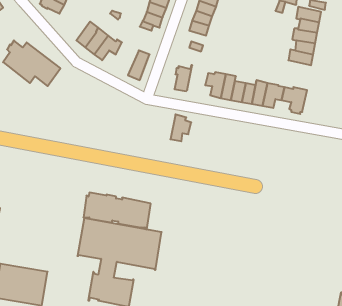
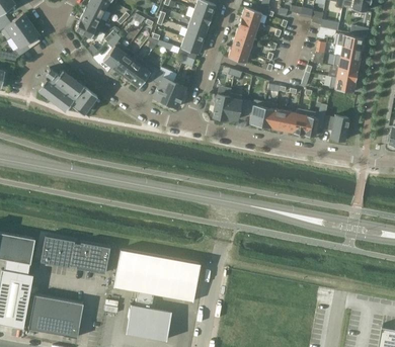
building: none -> [104,34,128,69]
building: none -> [154,71,177,104]
building: [170,114,191,141] -> [227,94,248,121]
building: [83,193,151,229] -> [42,238,110,275]

